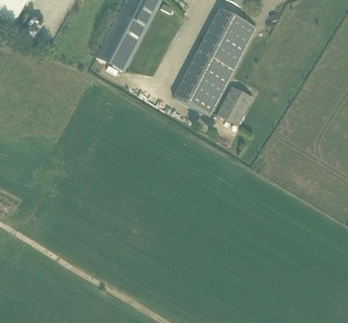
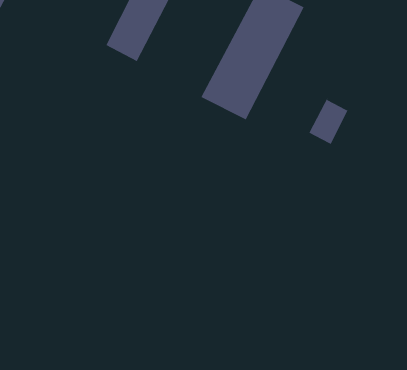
building: [217,85,254,126] -> [309,96,354,147]

